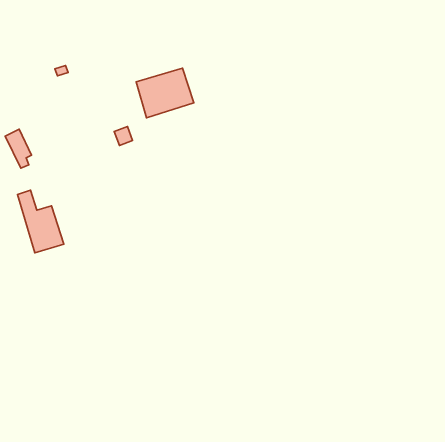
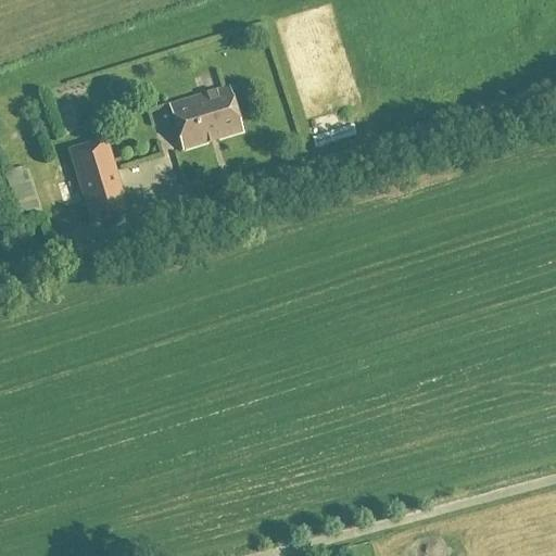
building: [17,190,64,253] -> [71,142,128,220]

